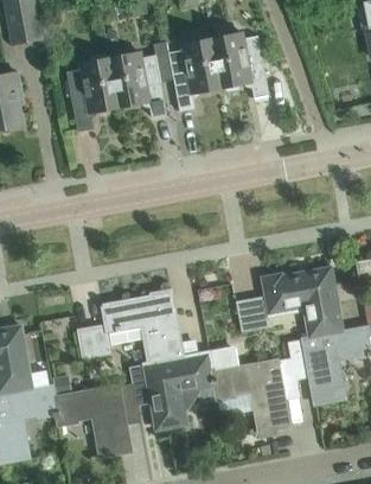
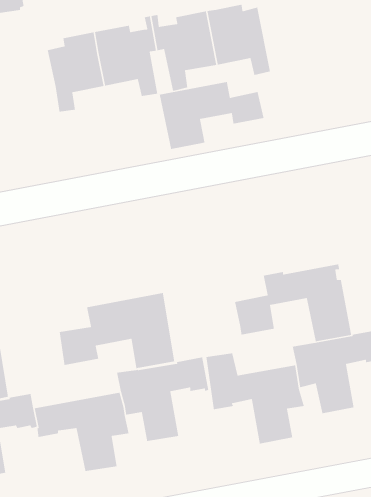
building: none -> [159,81,264,150]

